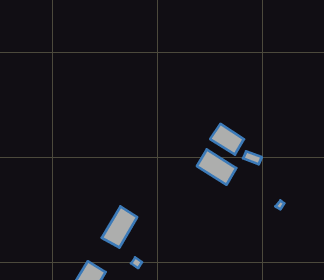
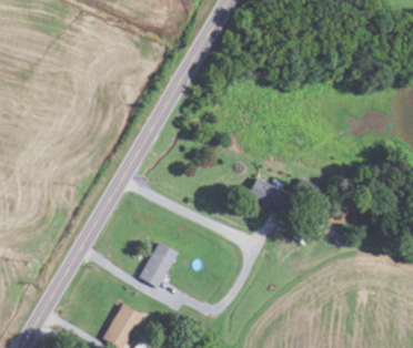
building: [210,124,244,155] -> none

